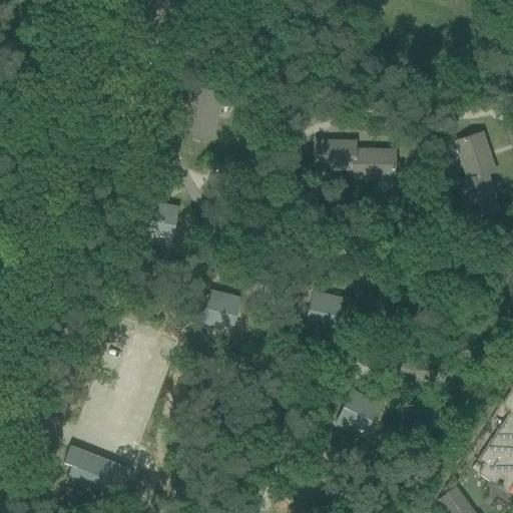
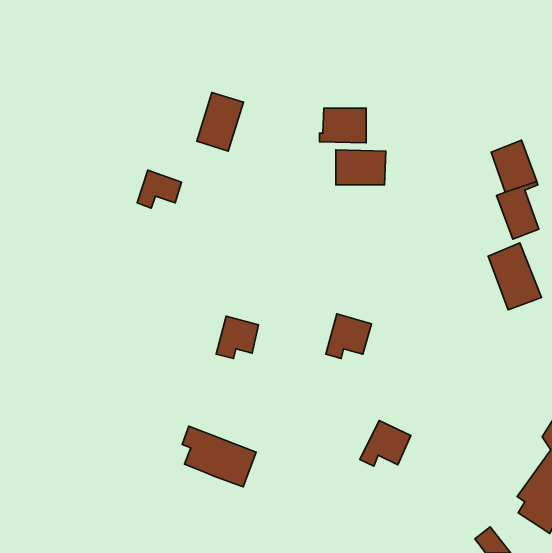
building: [355,147,398,179] -> [320,108,366,143]
building: [139,205,180,240] -> [137,170,182,208]
building: none -> [488,243,542,310]
building: [65,445,133,501] -> [182,426,256,487]

